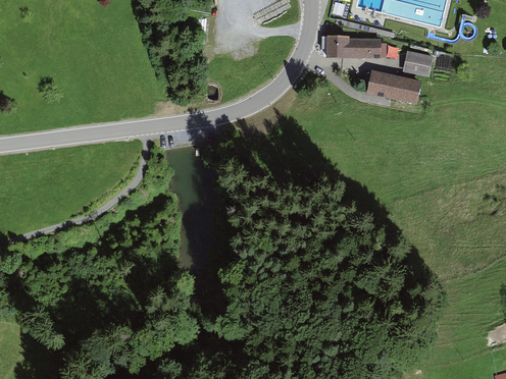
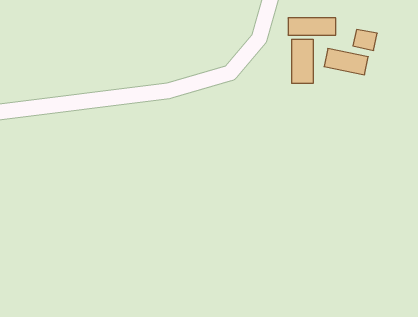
building: none -> [292,39,313,83]

